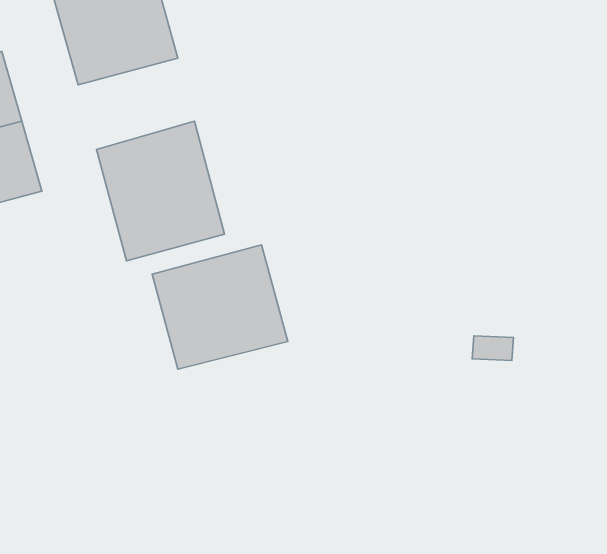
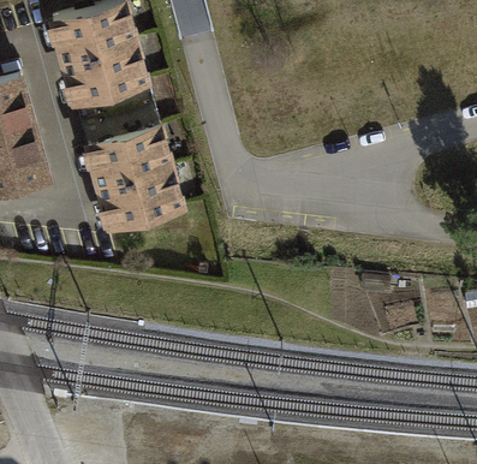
building: none -> [74,82,159,148]
building: [152,245,288,369] -> none

